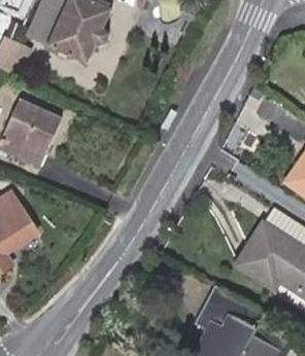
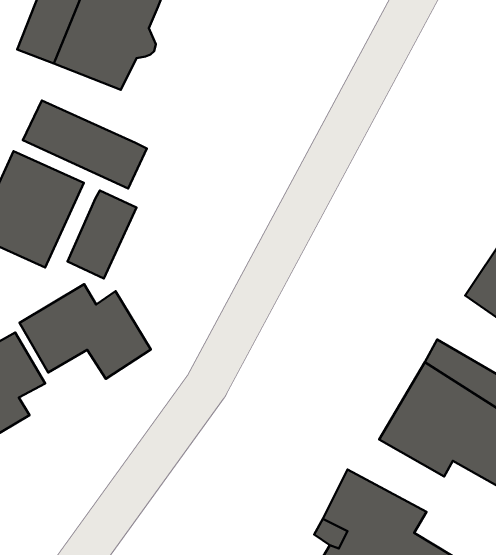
building: none -> [23,100,147,188]
building: none -> [67,190,136,279]
building: none -> [19,284,151,379]

